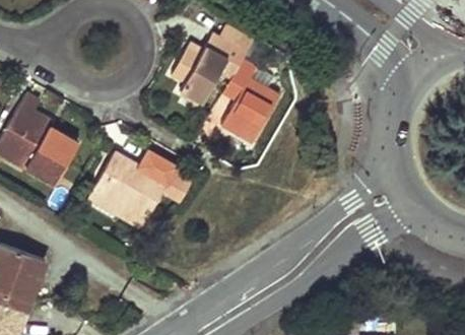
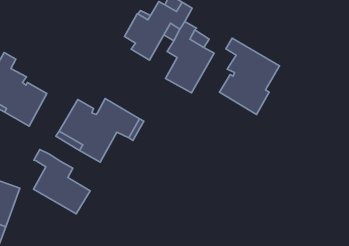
building: none -> [220,38,279,115]
building: none -> [33,149,90,214]

